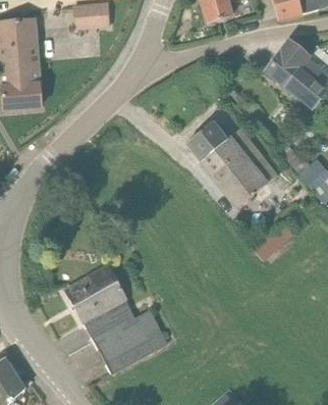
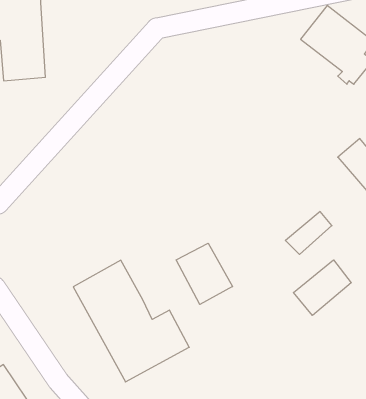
building: [186,123,284,207] -> none
building: none -> [176,243,233,304]
building: none -> [293,260,351,315]

